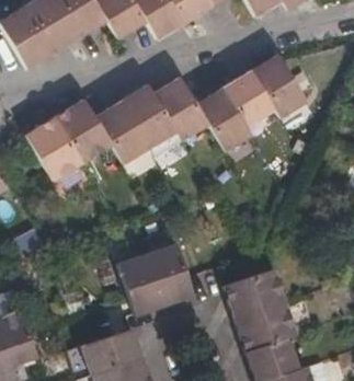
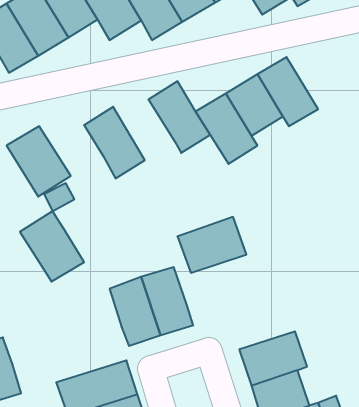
building: [121,84,176,148] -> none
building: [54,99,112,162] -> [20,211,84,282]
building: [222,268,285,319] -> [177,217,246,273]

